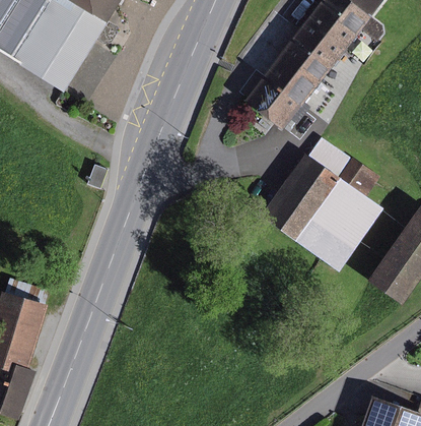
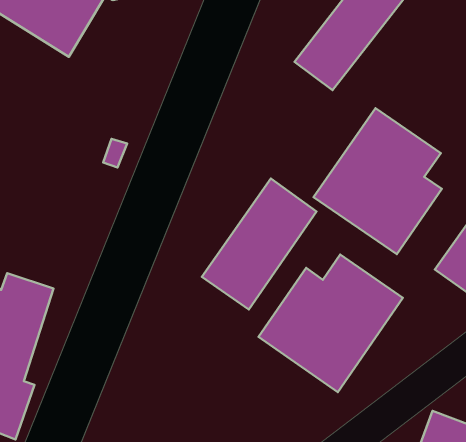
building: none -> [202,178,316,309]
building: none -> [259,254,403,392]

